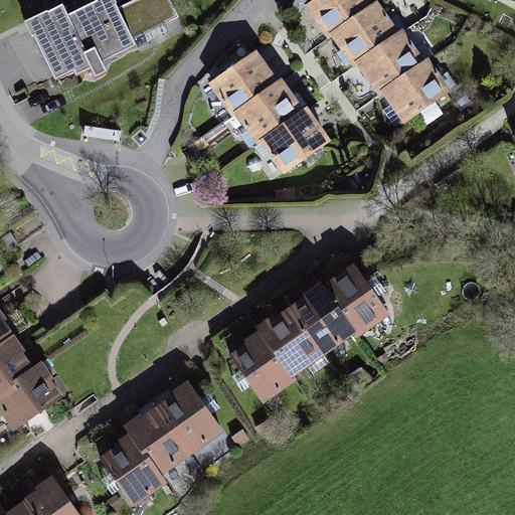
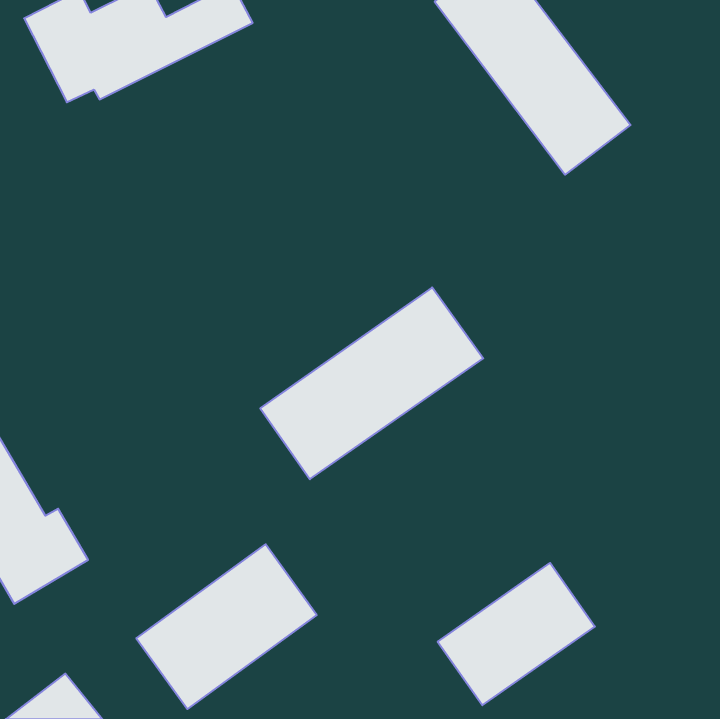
building: [210,48,325,173] -> none
building: [229,264,387,399] -> [260,287,483,479]
building: none -> [438,563,595,705]

